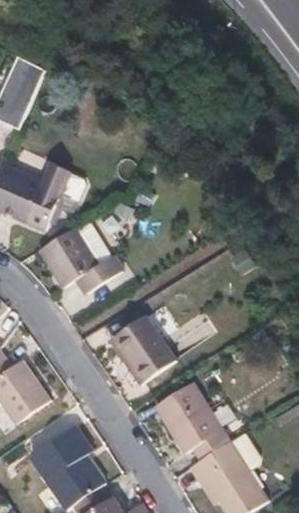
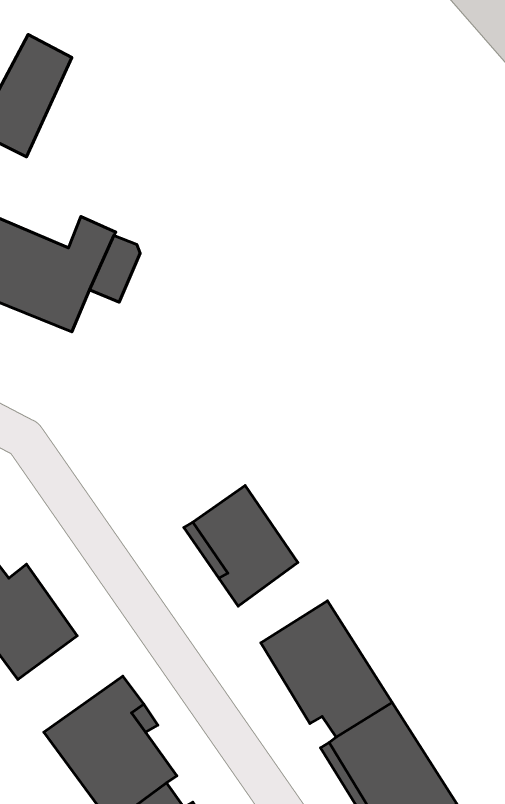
building: [37,221,119,294] -> none

